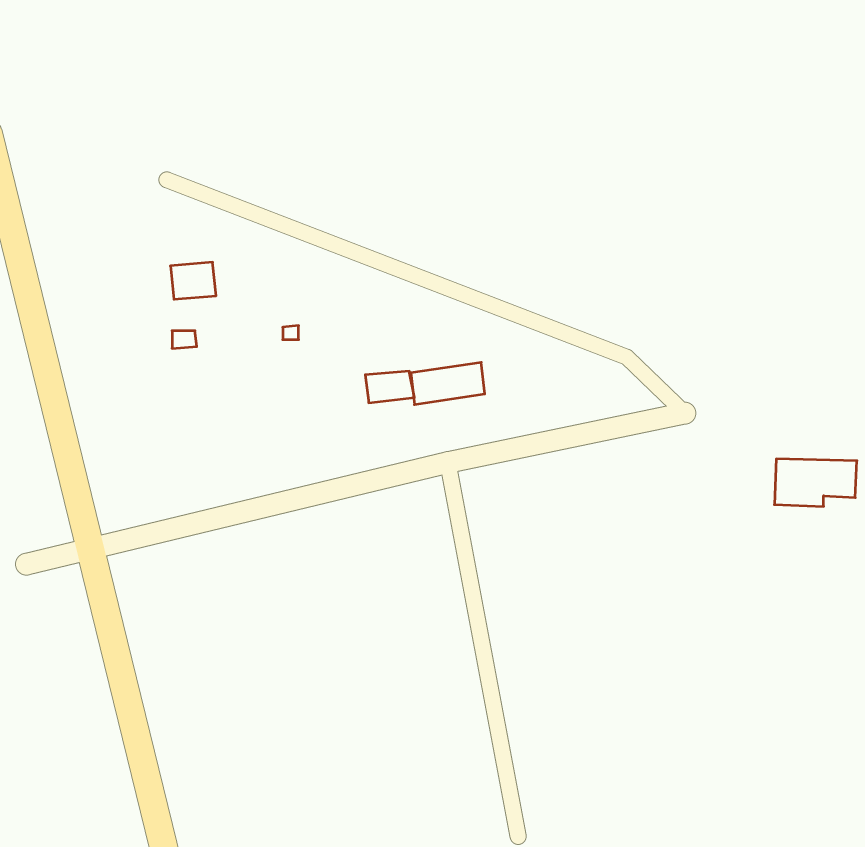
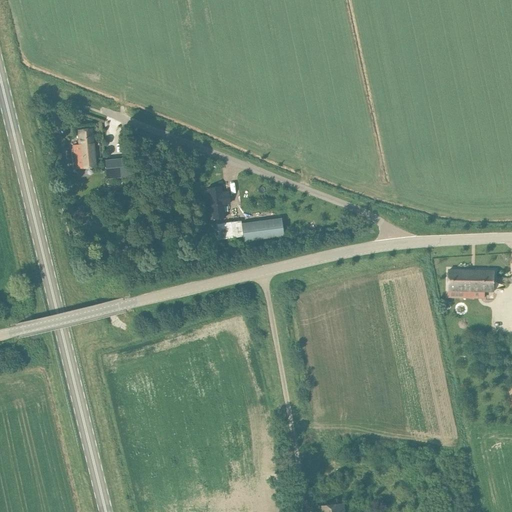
building: none -> [74,129,96,169]
building: none -> [206,187,231,220]

